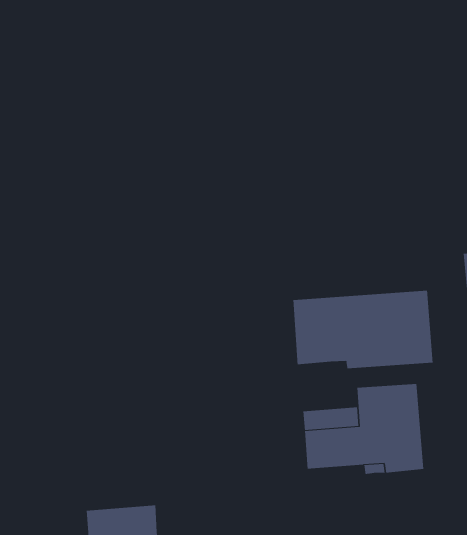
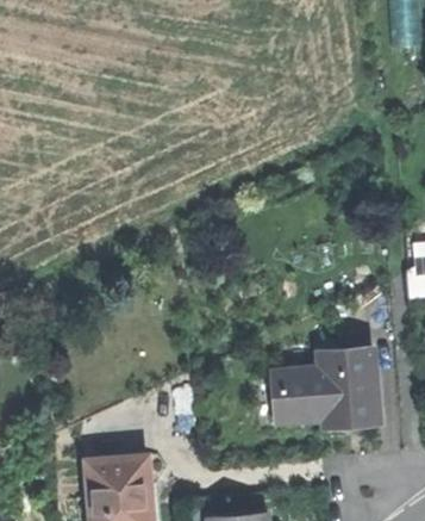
building: [293,290,433,369] -> none

